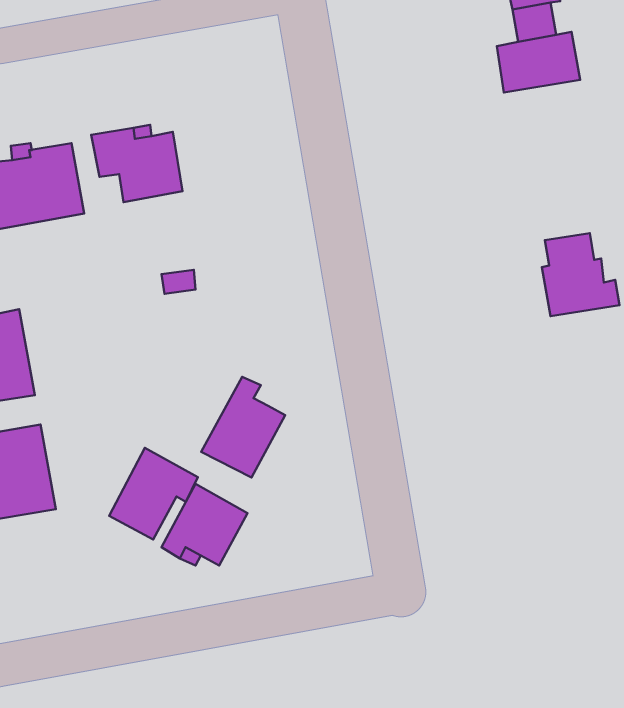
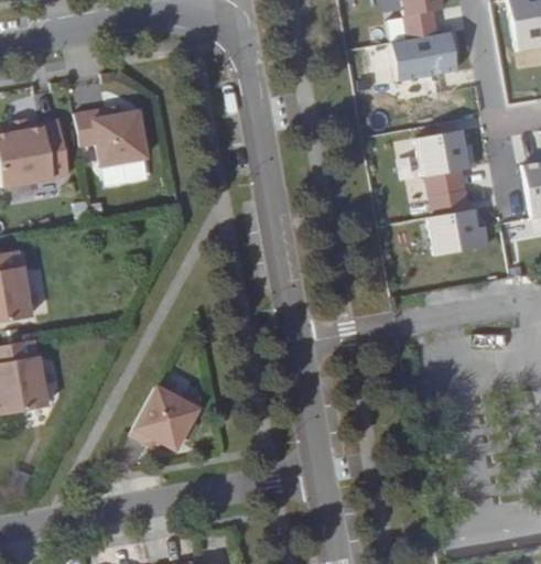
building: none -> [415,130,476,195]
building: [201,377,285,478] -> none
building: [109,448,198,540] -> none

